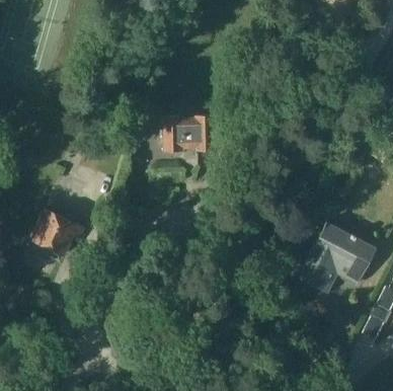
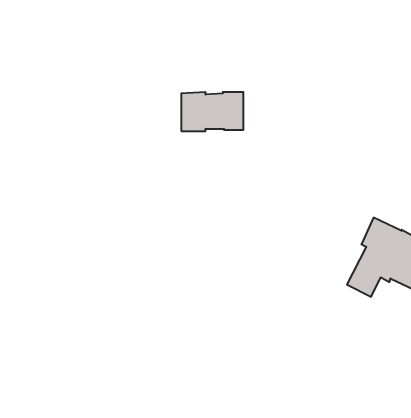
building: [30,206,86,254] -> none

